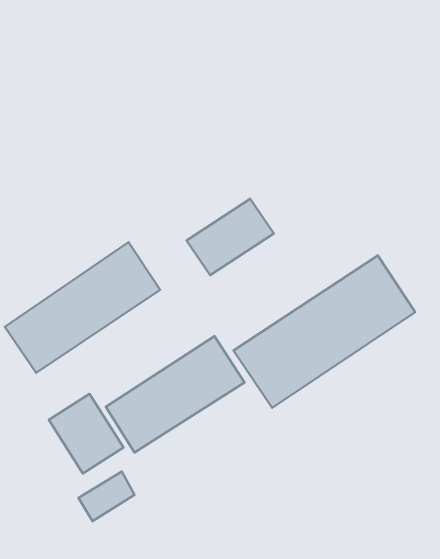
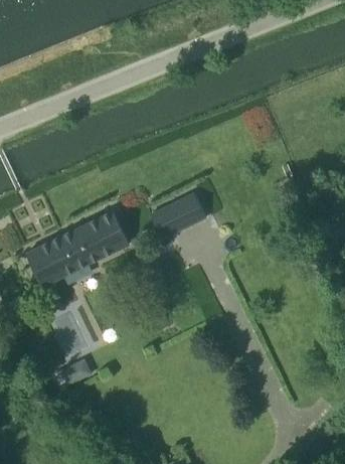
building: [233,256,415,408] -> none
building: [106,336,245,452] -> none

